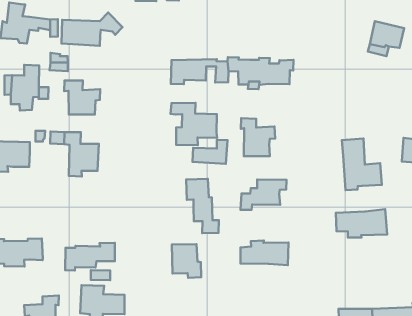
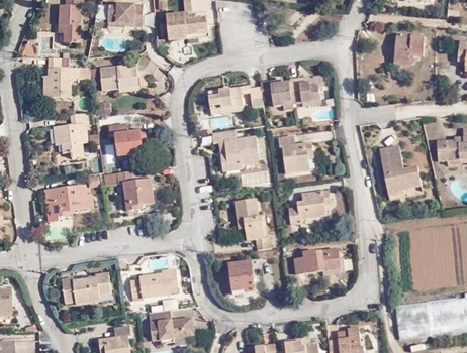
building: [336,209,387,238] -> none

